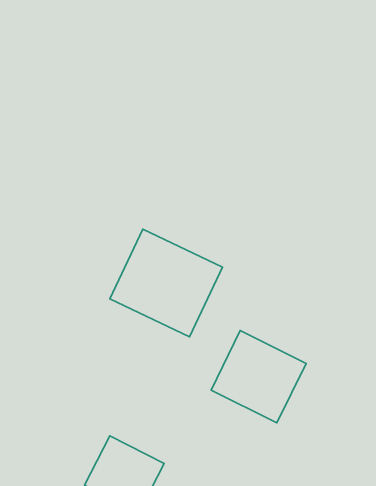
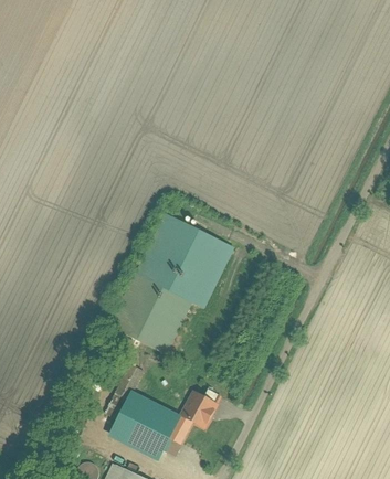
building: [211,330,306,423] -> [108,274,191,354]
building: none -> [181,392,217,428]

